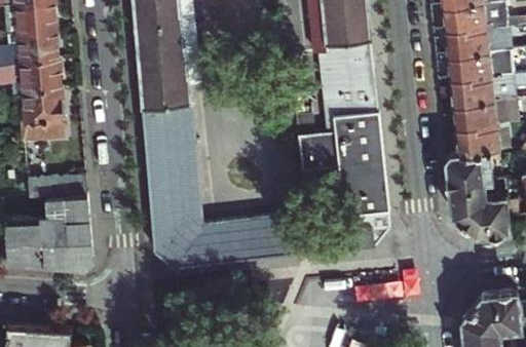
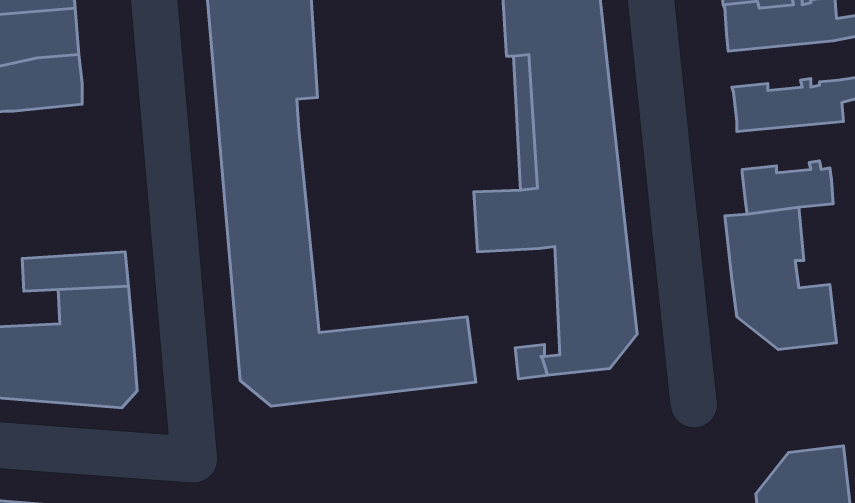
building: [446,50,512,80] -> none
building: [18,88,65,144] -> none
building: [451,99,517,129] -> none

